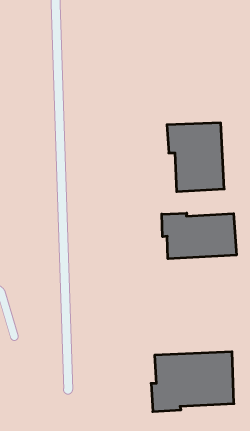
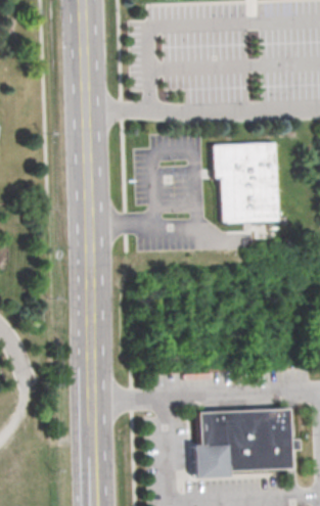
building: [162,213,236,259] -> none

